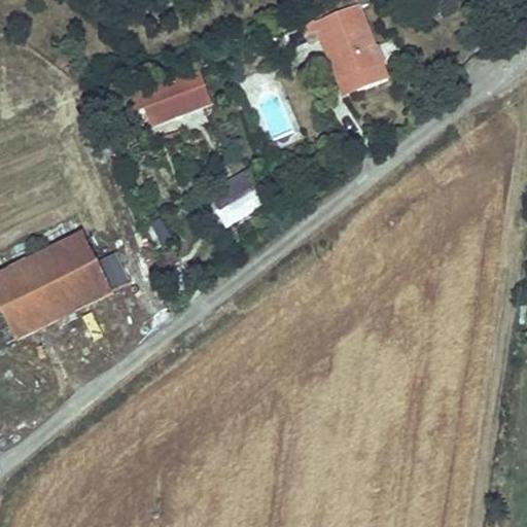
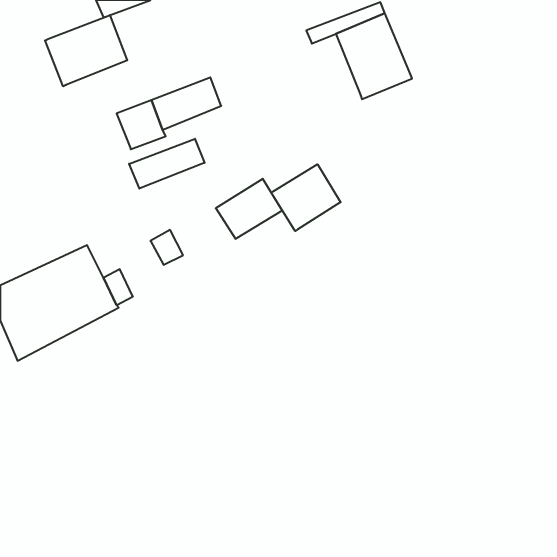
building: none -> [45,15,127,86]
building: none -> [129,139,205,189]
building: none -> [271,164,341,231]

